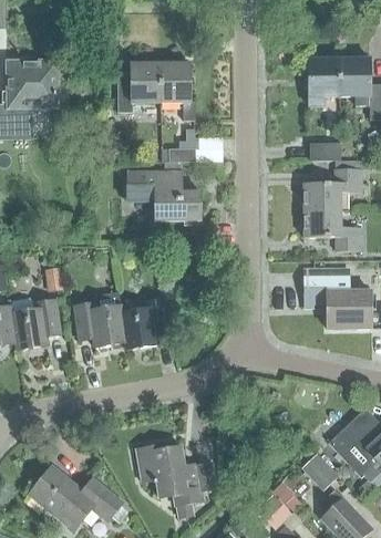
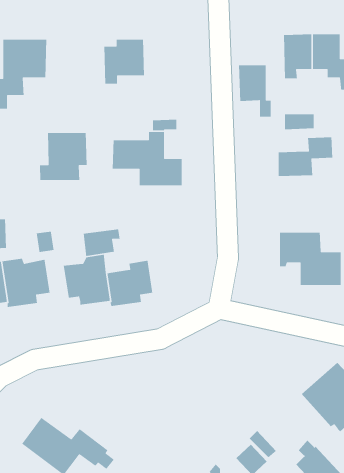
building: [161,63,196,120] -> [238,65,272,118]
building: none -> [39,132,87,181]
building: [303,209,362,250] -> none
building: none -> [83,228,121,257]
building: [135,445,218,519] -> none
building: [302,453,339,490] -> none

